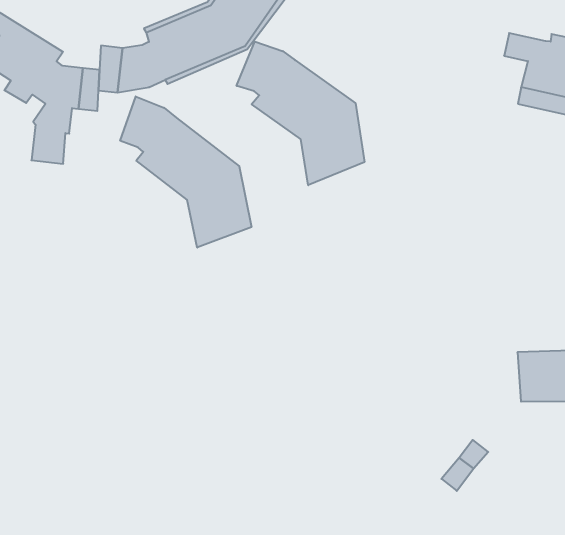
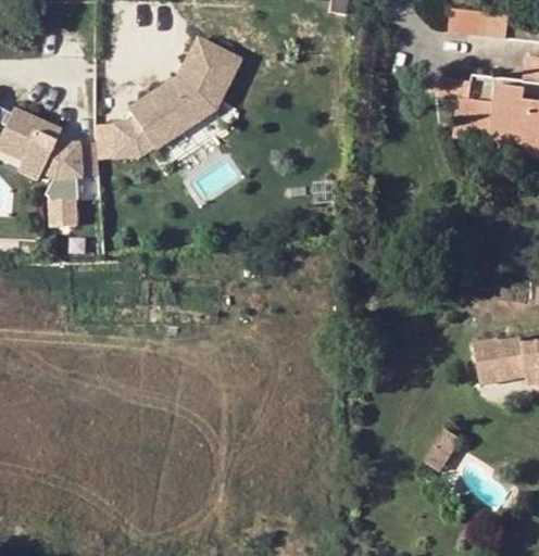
building: [237,42,364,185] -> none
building: [120,96,251,248] -> none

